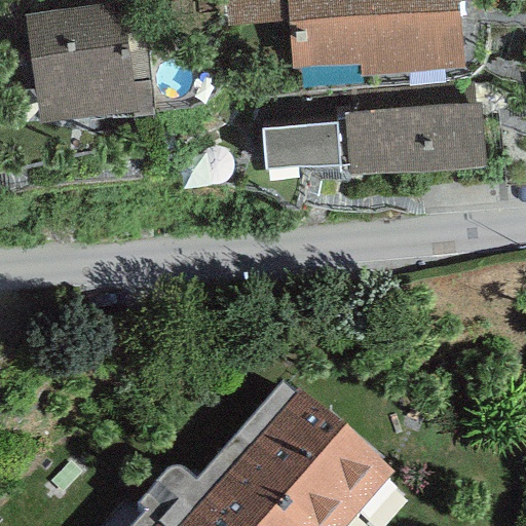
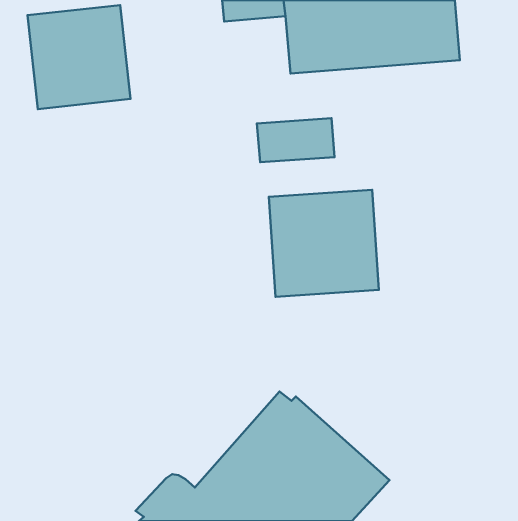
building: [347,100,486,170] -> none
building: none -> [269,190,379,297]

